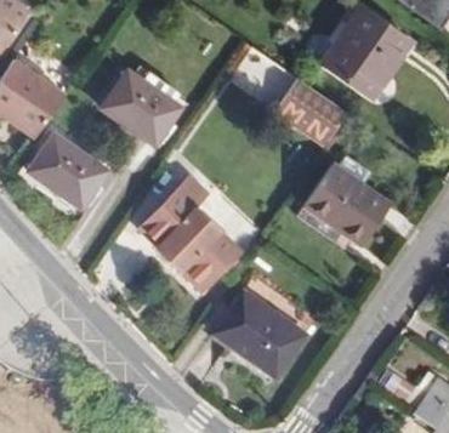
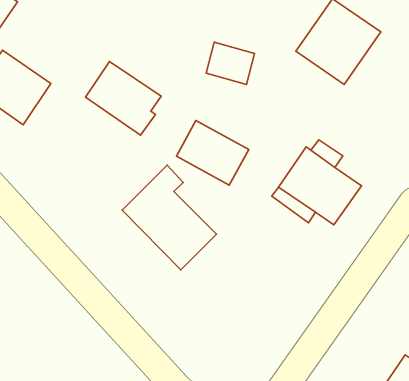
building: [266,76,342,144] -> [176,121,249,185]
building: [27,133,107,213] -> none
building: [212,290,306,377] -> none

